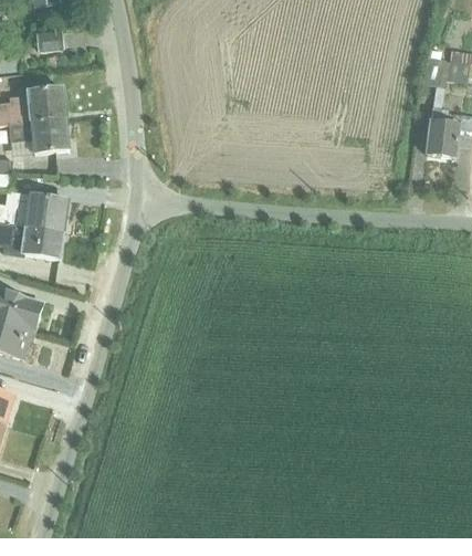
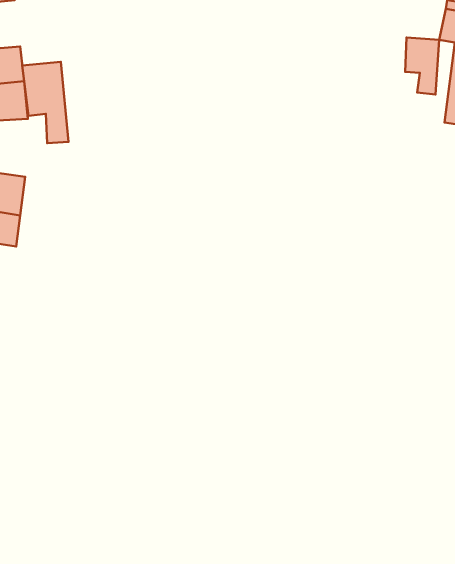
building: none -> [405,37,439,94]
building: none -> [22,62,69,143]

